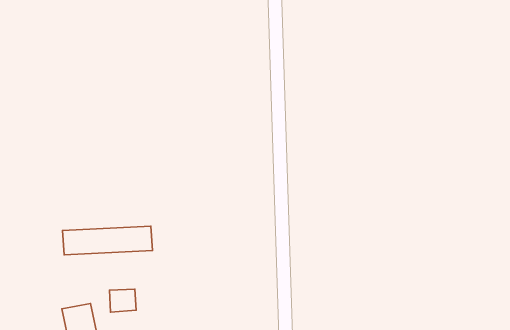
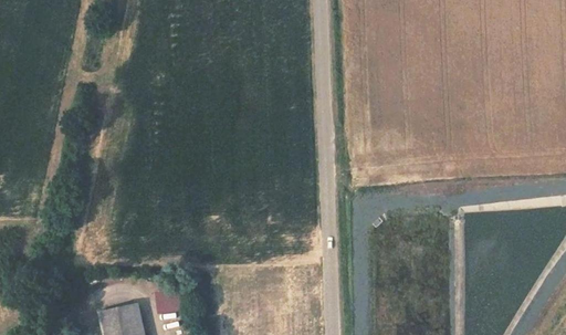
building: [62,226,153,255] -> none

